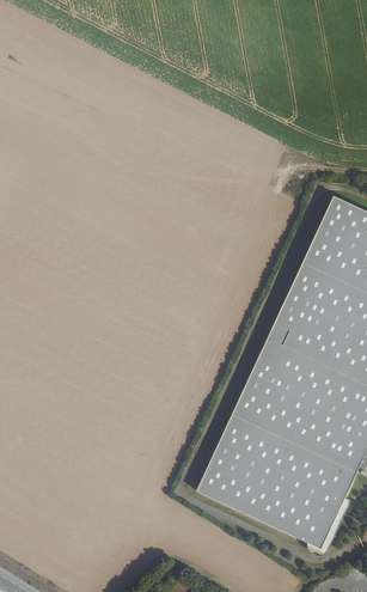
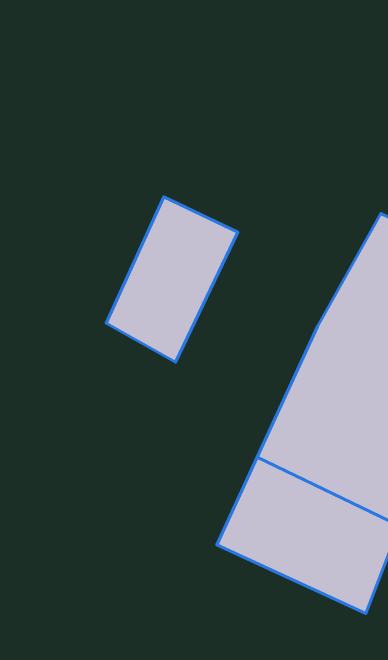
building: none -> [106,197,238,362]

